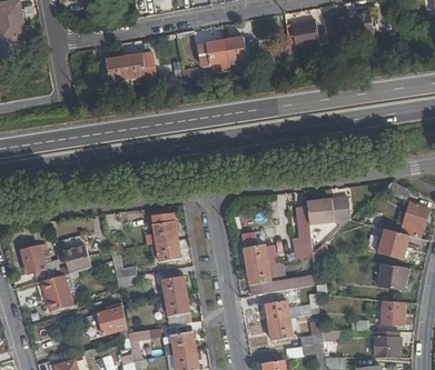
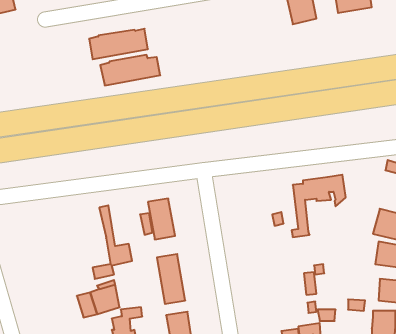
building: [196,36,255,66] -> [100,55,160,85]
building: [20,242,72,310] -> none
building: [62,243,90,271] -> none
building: [243,243,316,339] -> none

